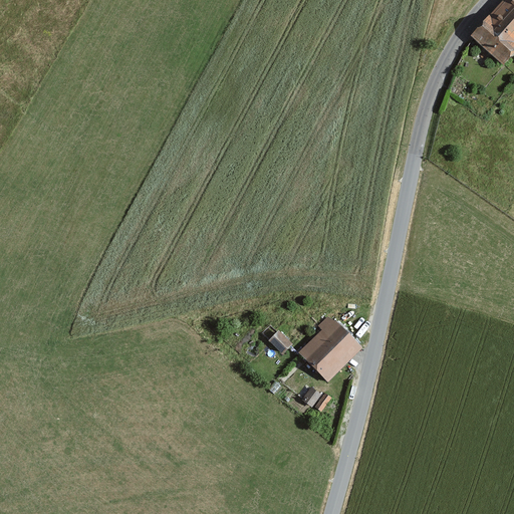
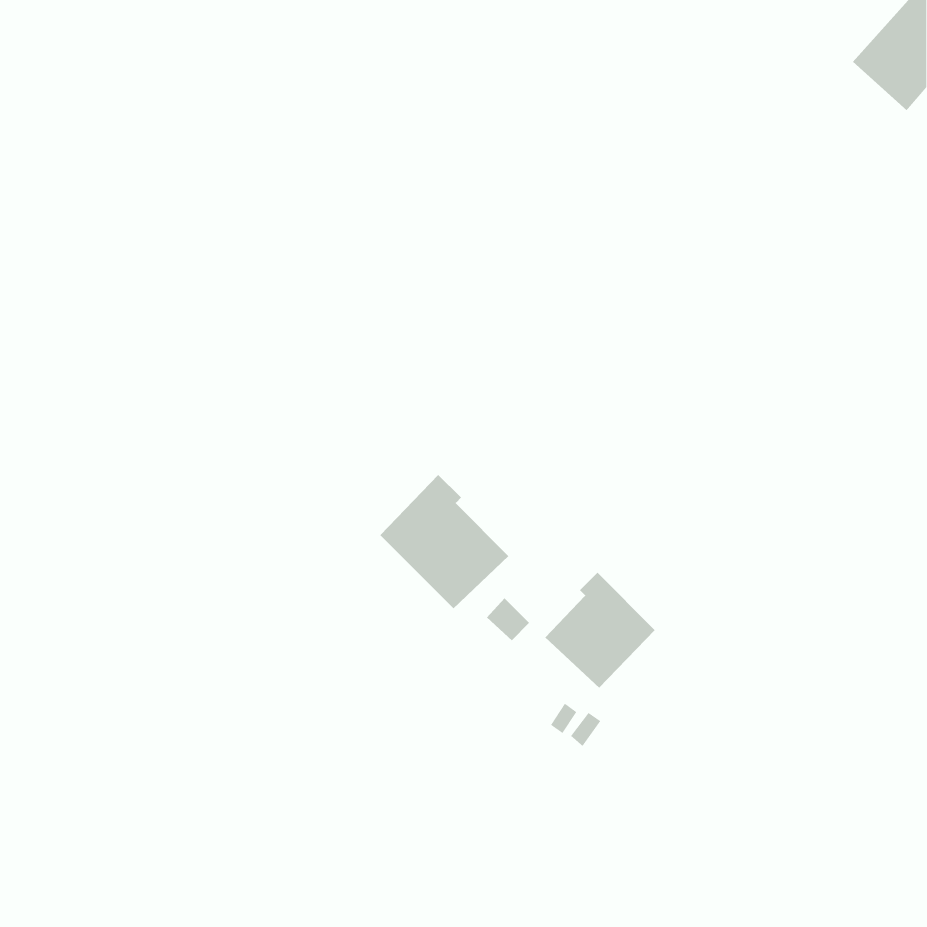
building: none -> [379,474,509,609]

